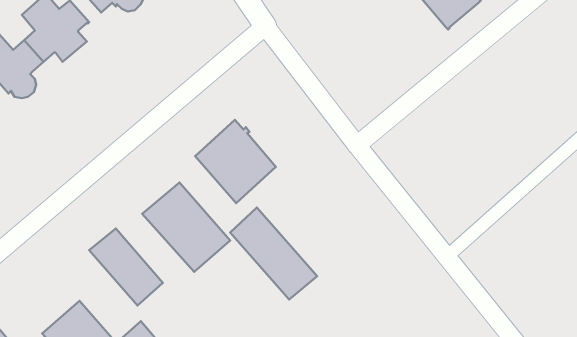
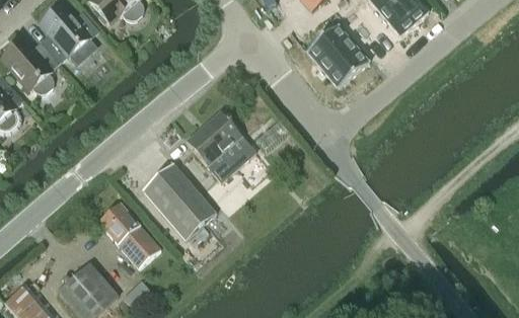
building: none -> [307,24,369,88]
building: [230,207,317,300] -> none

